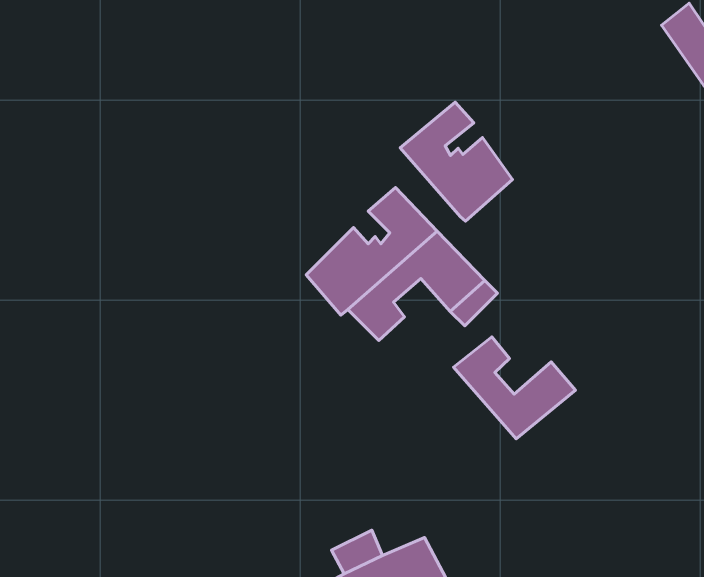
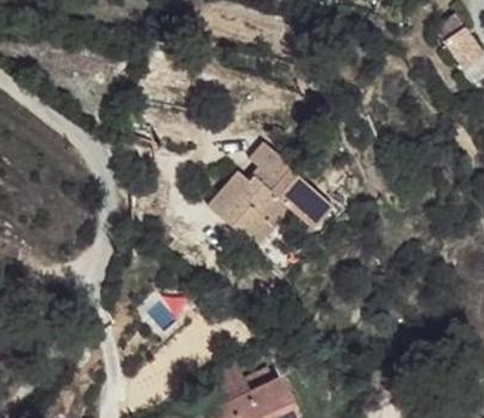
building: [400,102,512,221] -> none
building: [454,337,575,439] -> none

